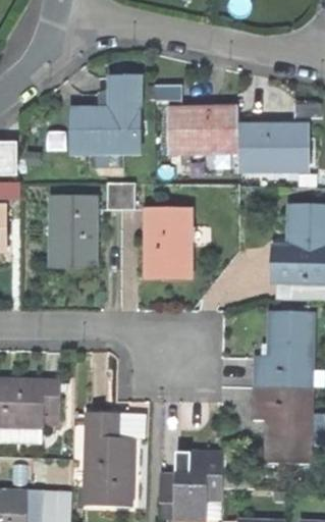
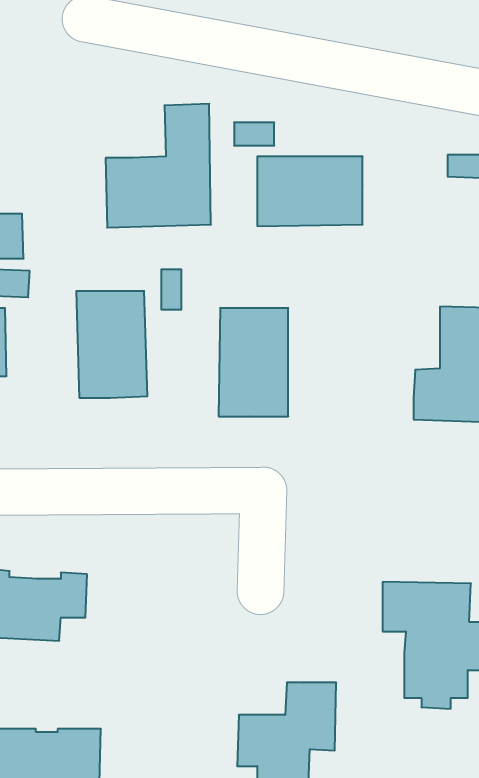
building: [239,126,308,172] -> none
building: [253,313,312,388] -> none
building: [85,418,129,504] -> none

